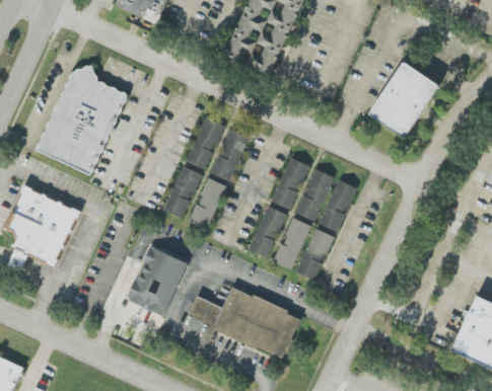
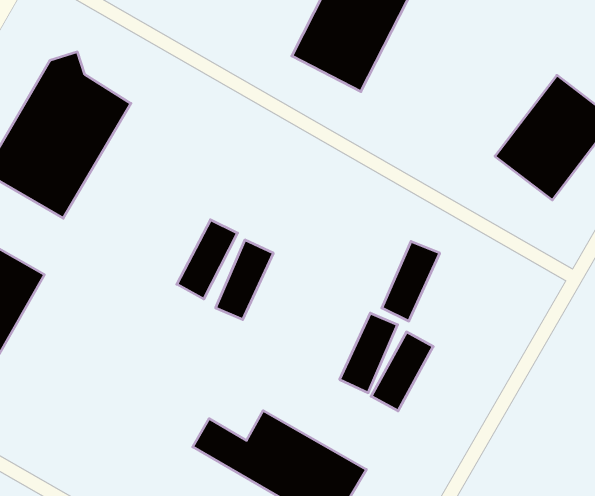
building: [188,118,225,169] -> none
building: [213,129,251,181] -> none
building: [274,157,309,209] -> none
building: [320,179,357,231] -> none
building: [250,206,287,257] -> none
building: [124,245,185,314] -> none

